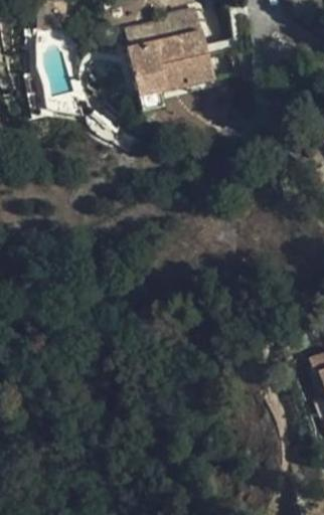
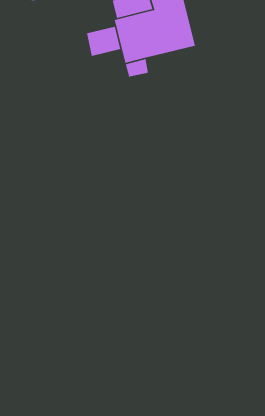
building: none -> [86,26,121,57]

